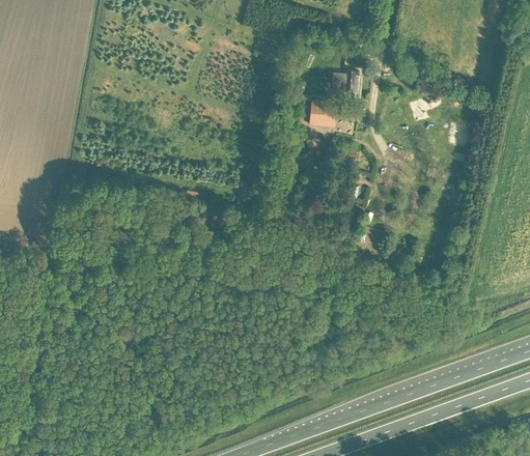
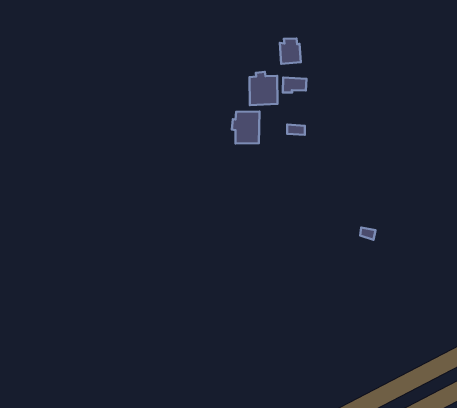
building: none -> [232,111,260,143]

